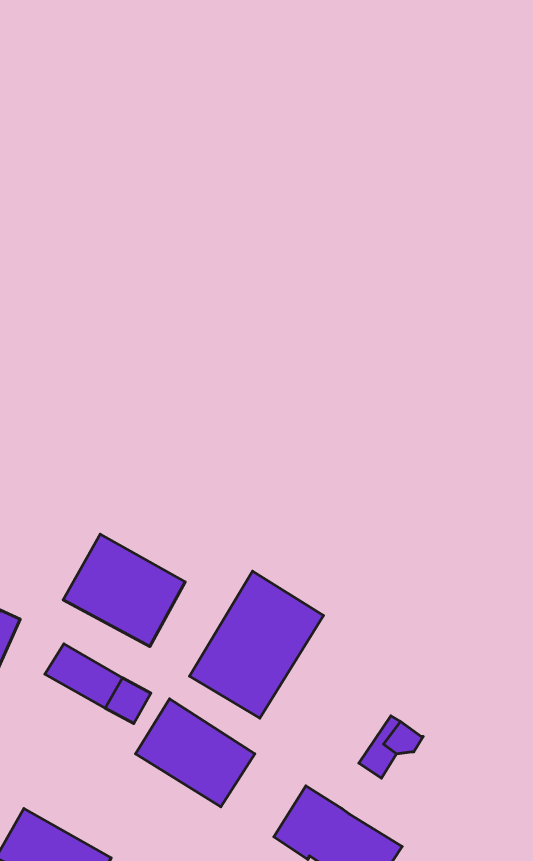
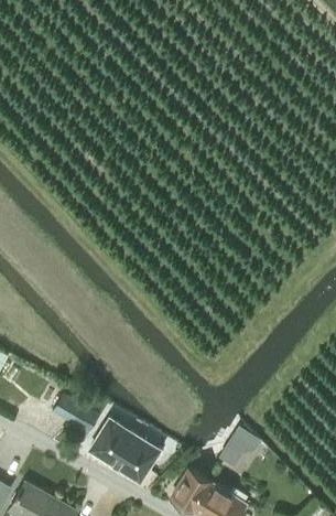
building: [63,534,185,647] -> none
building: [190,571,324,718] -> none

